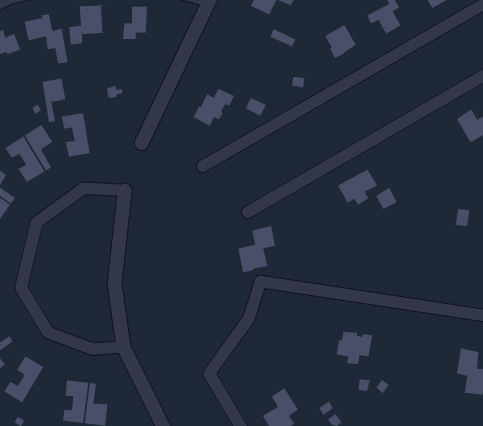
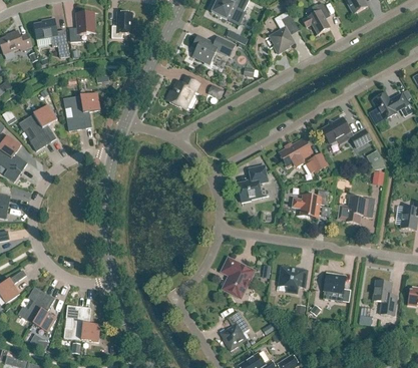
building: none -> [192,35,235,66]
building: [42,78,66,123] -> [81,92,100,127]
building: none -> [322,117,370,147]
building: [237,225,276,273] -> [238,164,268,202]
building: none -> [292,190,330,218]
building: none -> [338,197,375,223]
building: none -> [223,259,253,296]
building: none -> [324,273,351,302]
building: none -> [33,295,56,332]

